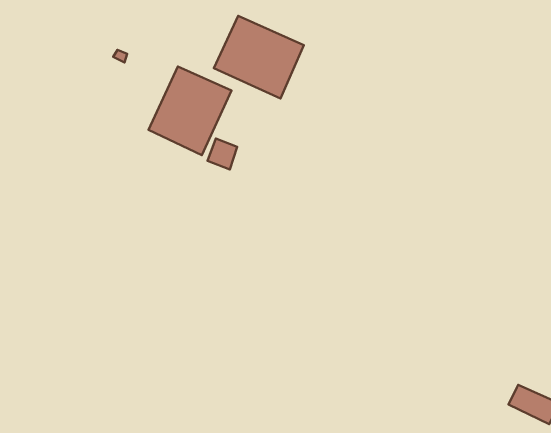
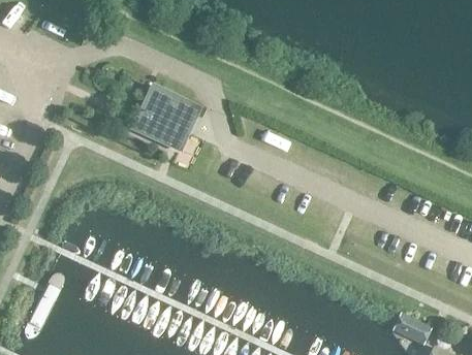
building: [214,16,304,98] -> none

